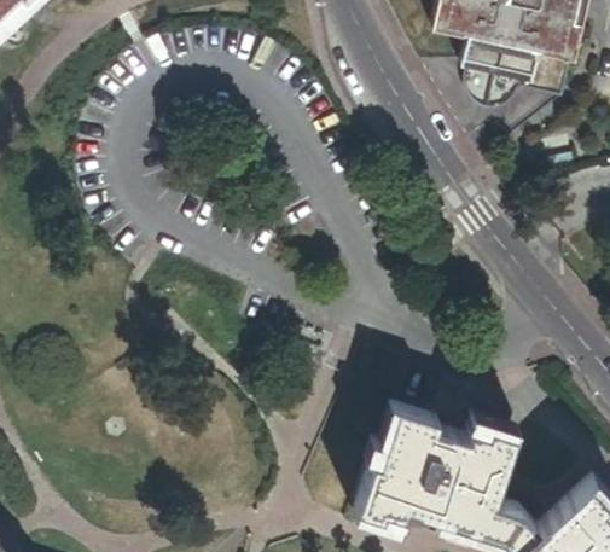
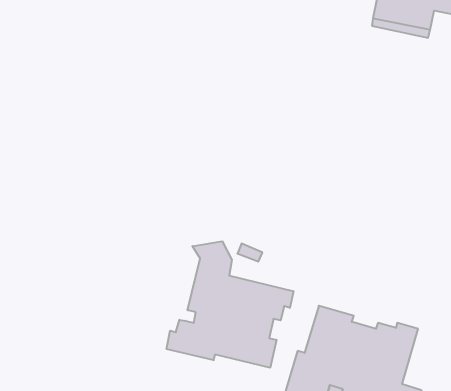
building: none -> [167,241,293,368]

